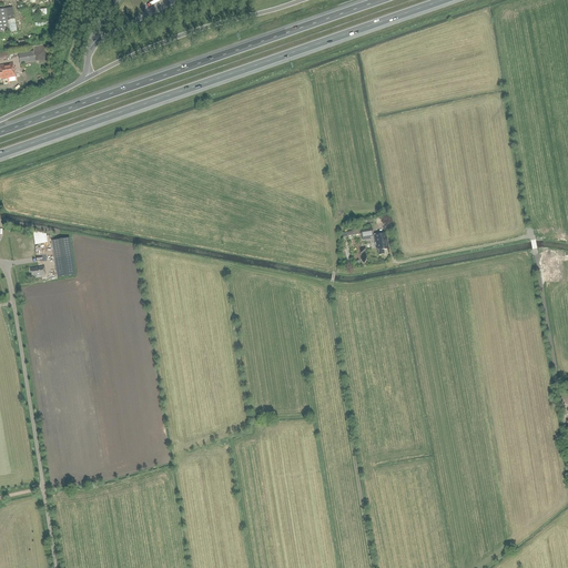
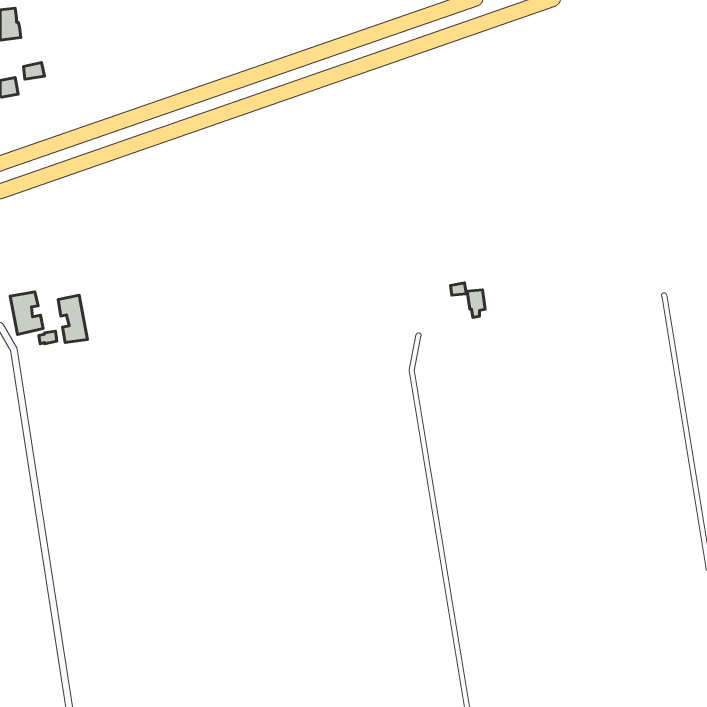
building: none -> [10,292,43,335]

